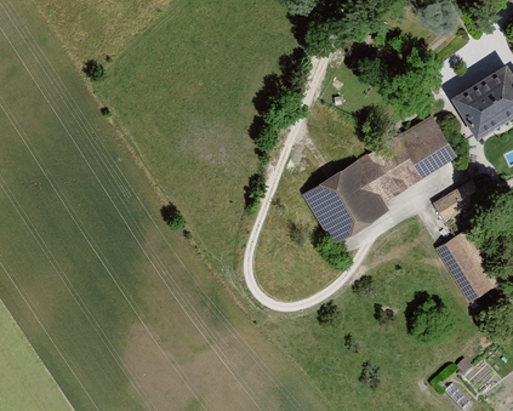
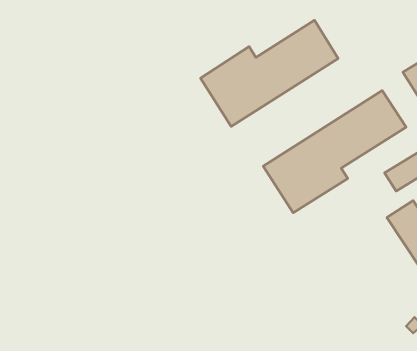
building: none -> [200,20,338,126]

